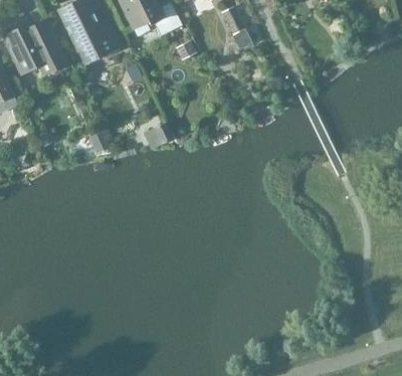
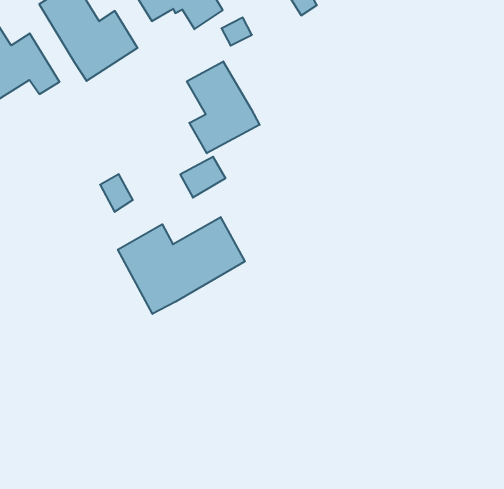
building: none -> [187,61,260,153]
building: none -> [118,217,245,314]

